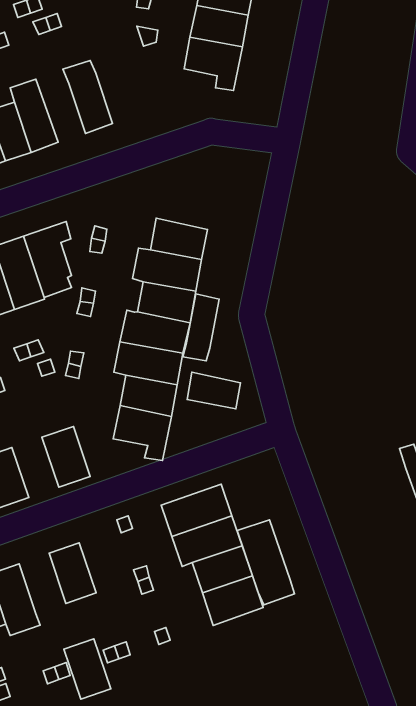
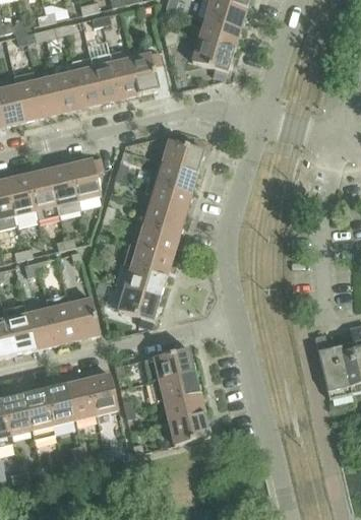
building: none -> [131,51,162,92]
building: none -> [89,52,120,102]
building: none -> [163,137,206,172]
building: [183,294,219,361] -> none
building: [187,372,241,409] -> none
building: none -> [46,292,77,343]
building: [237,520,294,605] -> none
building: none -> [87,373,118,413]
building: [64,639,111,699] -> [45,383,74,424]

